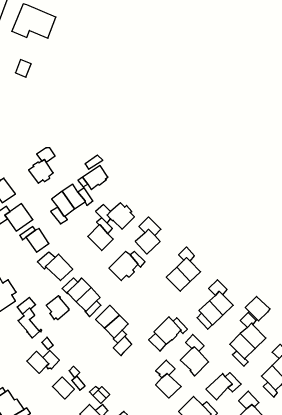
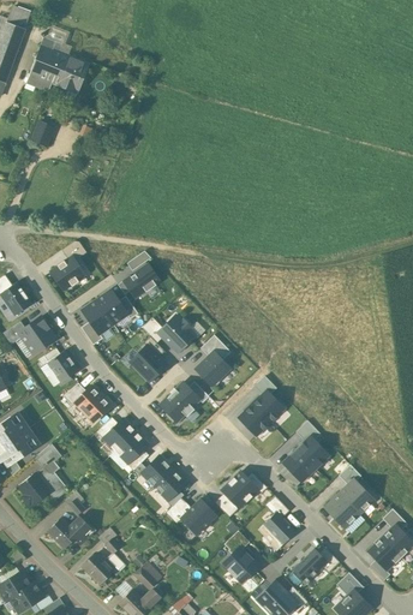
building: [46,296,69,320] -> [18,473,49,506]
building: [245,296,270,321] -> none
building: none -> [180,498,216,535]

